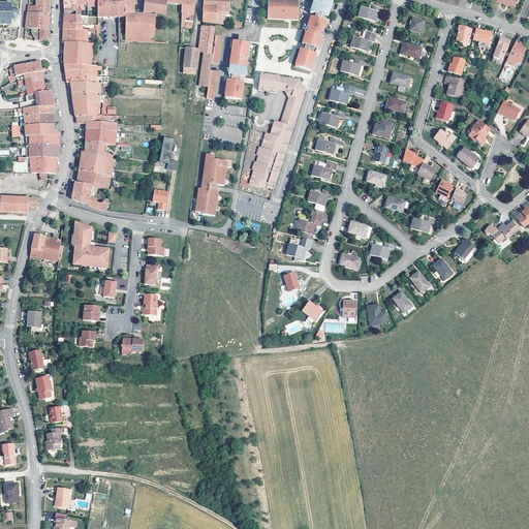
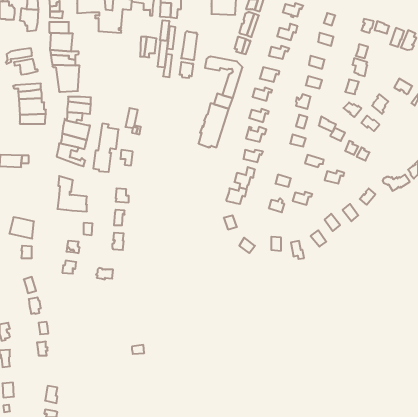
building: [19,90,53,107] -> none
building: [195,154,227,215] -> [93,124,119,172]
building: [30,156,56,173] -> none
building: [29,234,60,260] -> [9,217,34,239]

